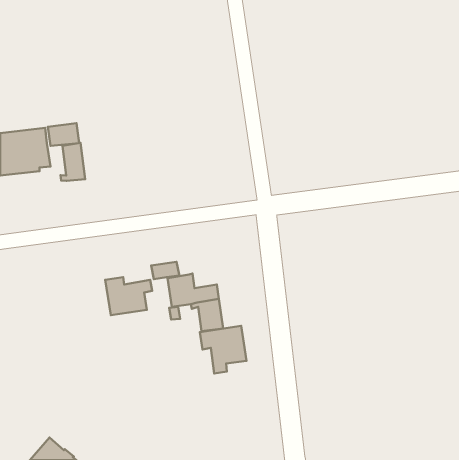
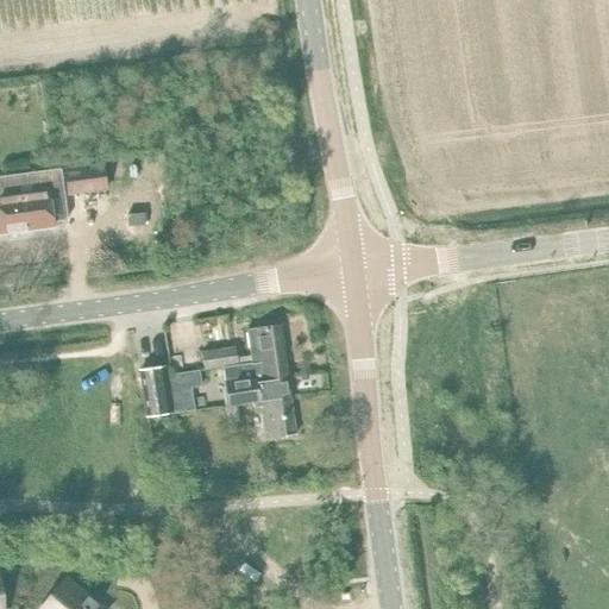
building: [61,143,85,181] -> none
building: none -> [246,324,288,381]
building: [200,326,246,373] -> none

